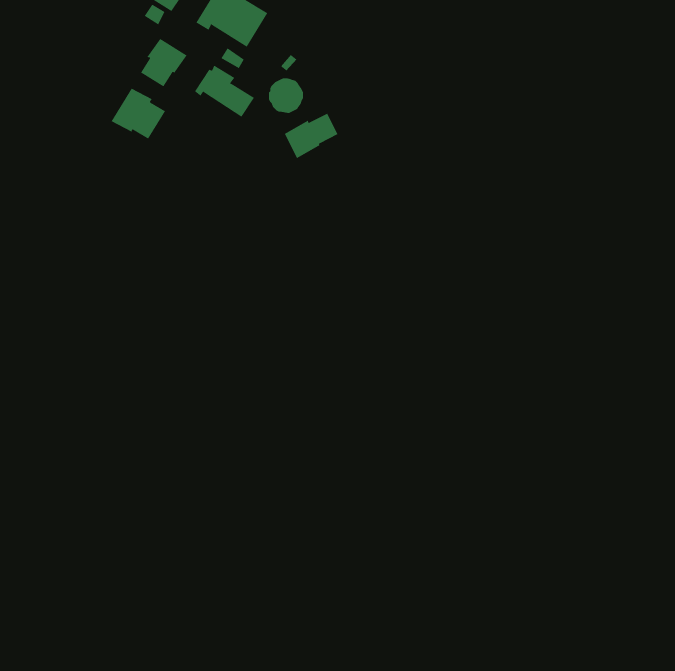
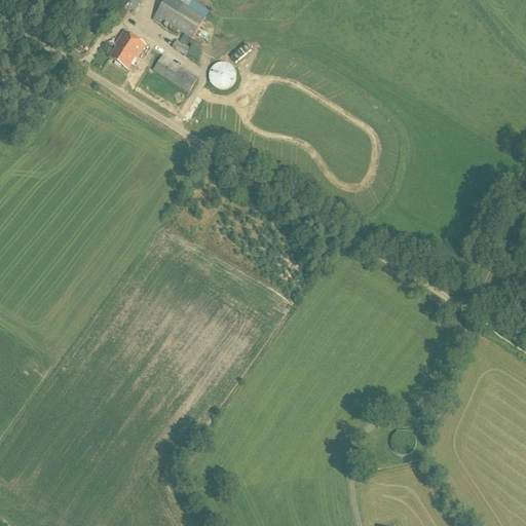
building: [111,88,166,140] -> none
building: [284,113,338,159] -> none

